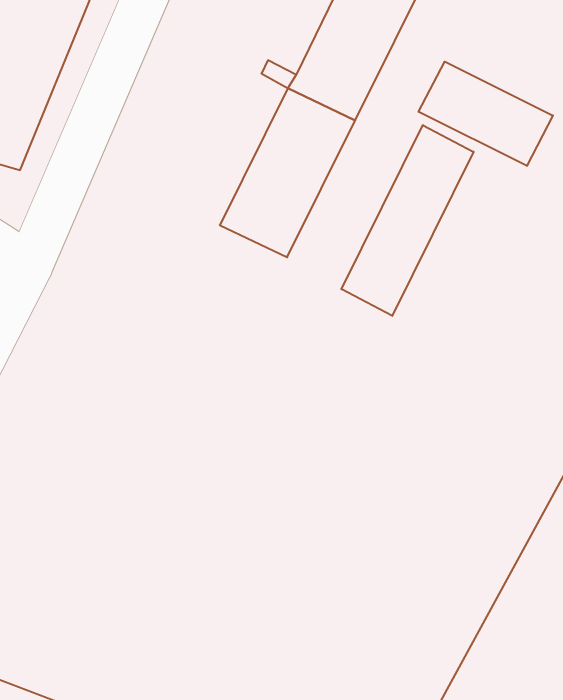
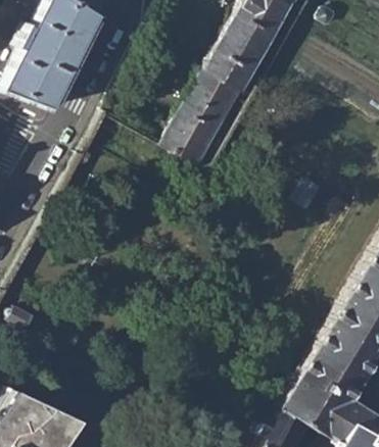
building: [419,62,553,166] -> none
building: [341,125,474,316] -> none

